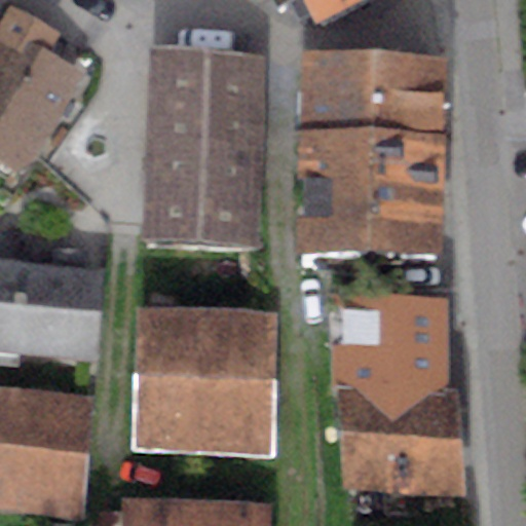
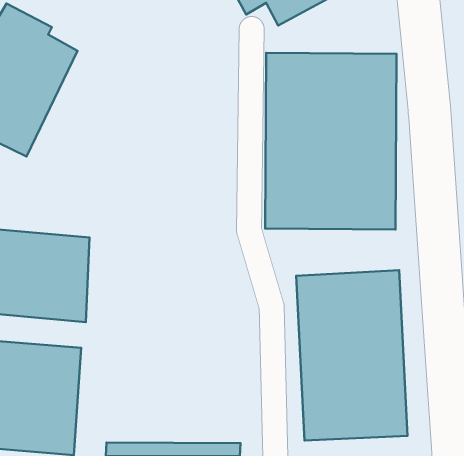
building: [142,48,266,246] -> none
building: [136,308,275,452] -> none

